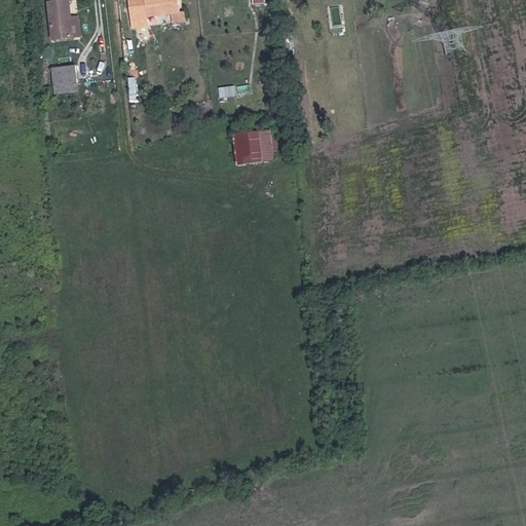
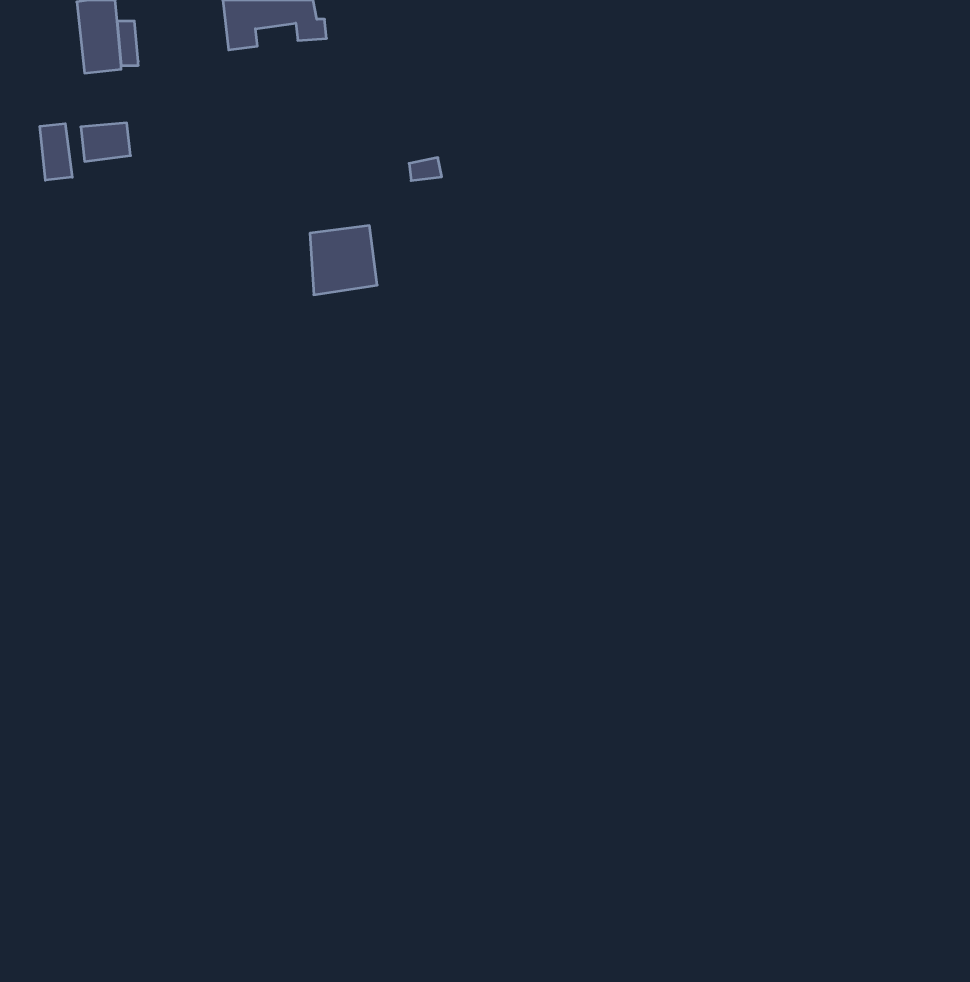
building: none -> [40,124,72,180]
building: [234,127,270,164] -> [310,226,377,295]

